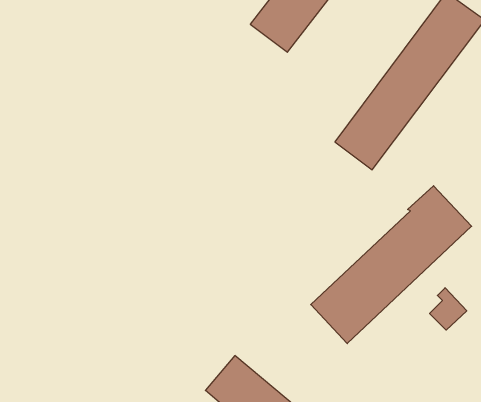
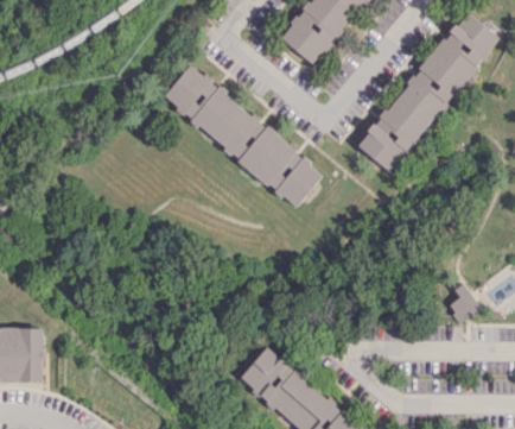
building: none -> [161,65,324,207]
building: [311,186,472,344] -> none

